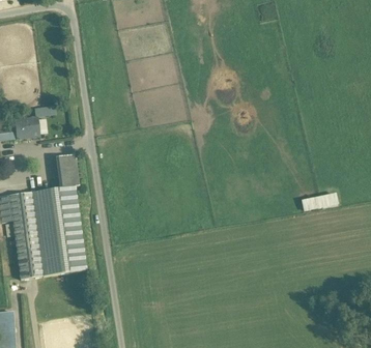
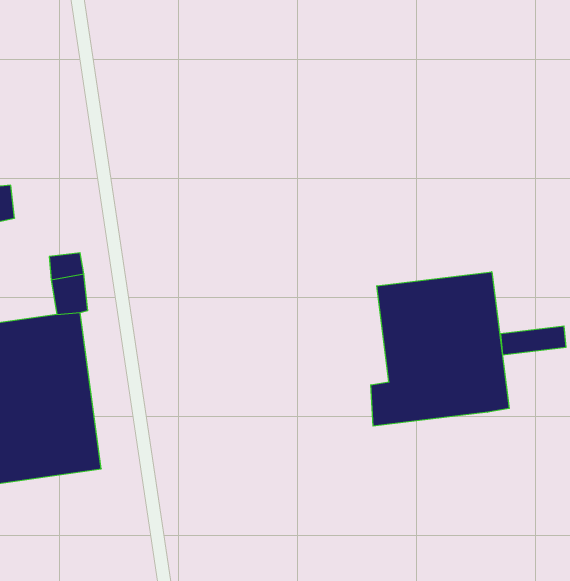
building: none -> [371,272,509,426]

